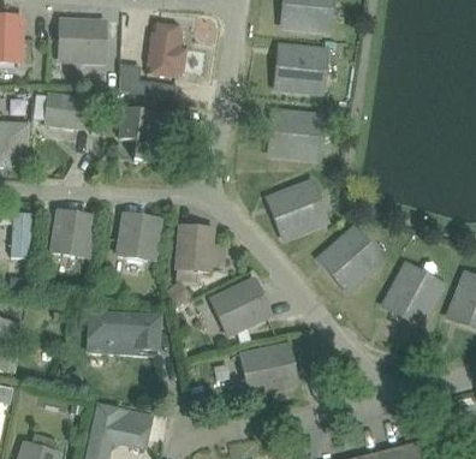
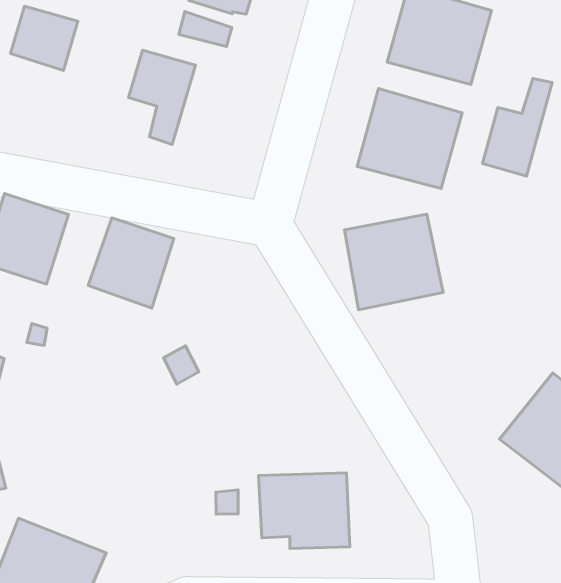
building: none -> [483,78,552,176]
building: [173,223,224,280] -> none
building: [314,223,386,294] -> none
building: [208,276,273,338] -> none
building: [85,310,160,357] -> none

